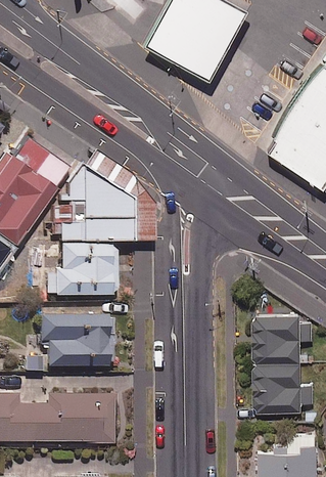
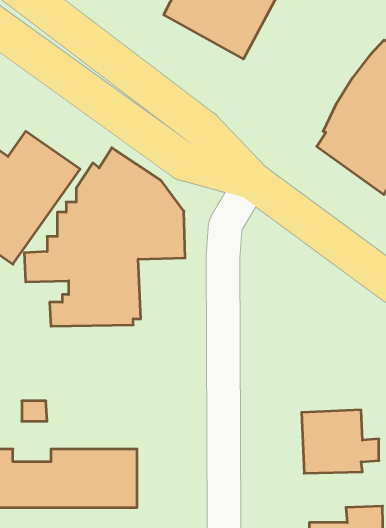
building: [42,307,111,366] -> none
building: [248,315,312,364] -> none

